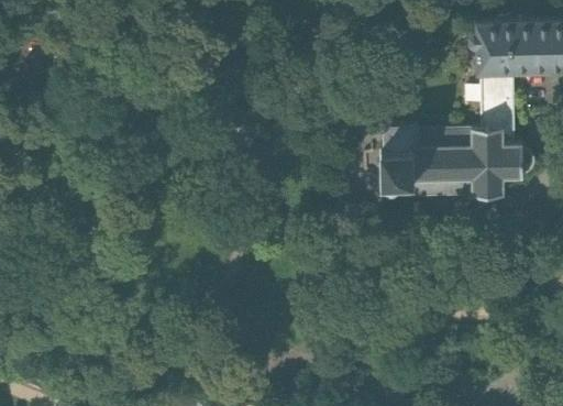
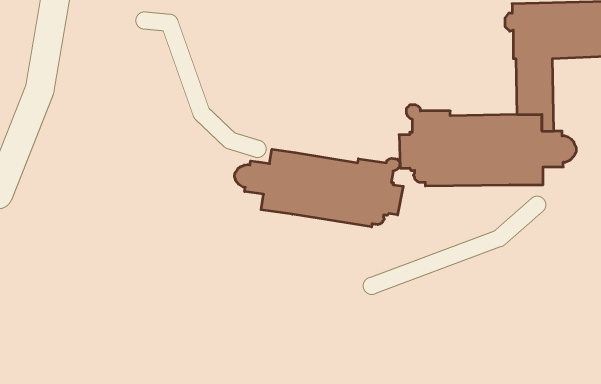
building: none -> [234,149,403,227]

